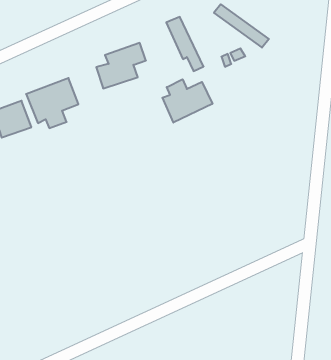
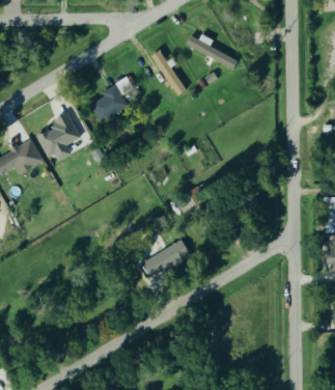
building: [162,79,212,123] -> none
building: none -> [139,238,191,281]

